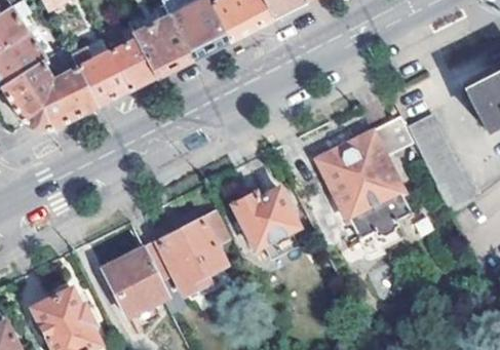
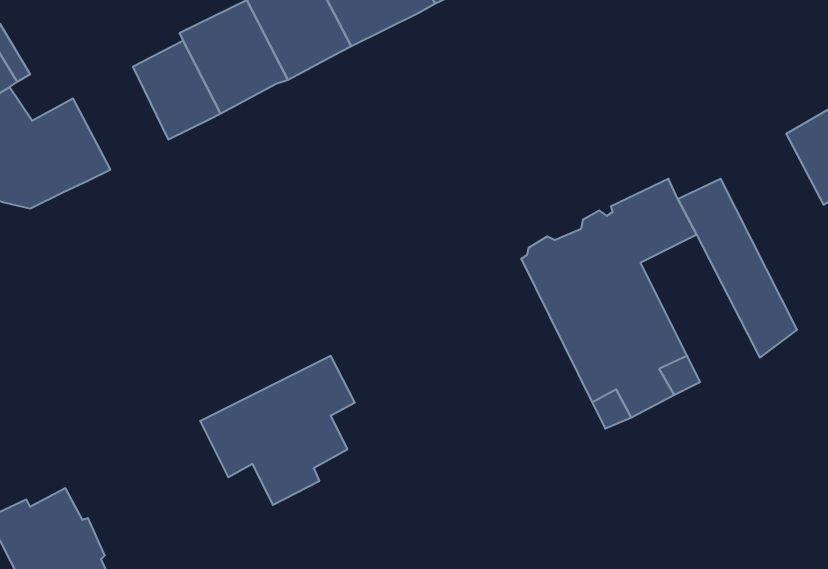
building: [69,49,126,109] -> none
building: [232,188,299,247] -> none
building: [103,247,167,315] -> none

